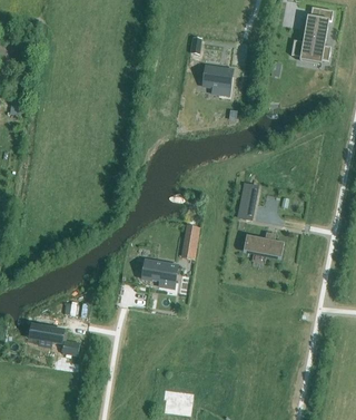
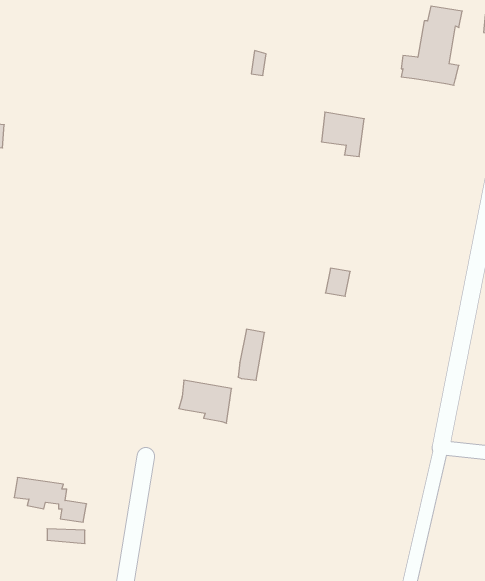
building: [202,65,231,95] -> [321,112,364,157]
building: [244,233,283,257] -> none

